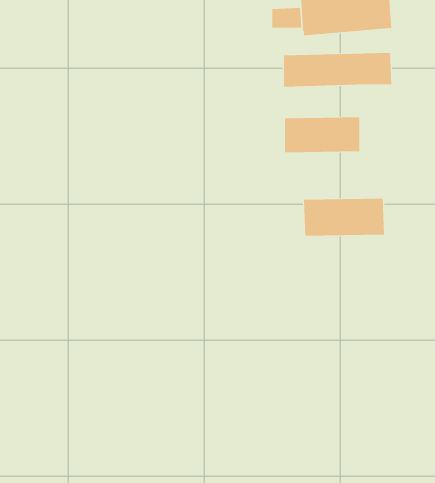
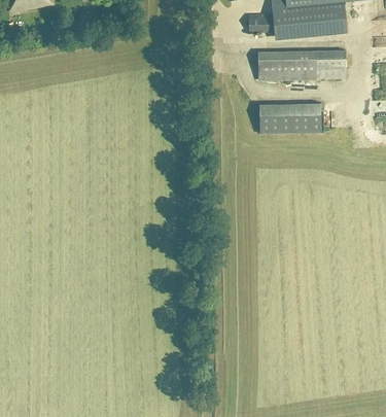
building: [304,198,384,237] -> none

